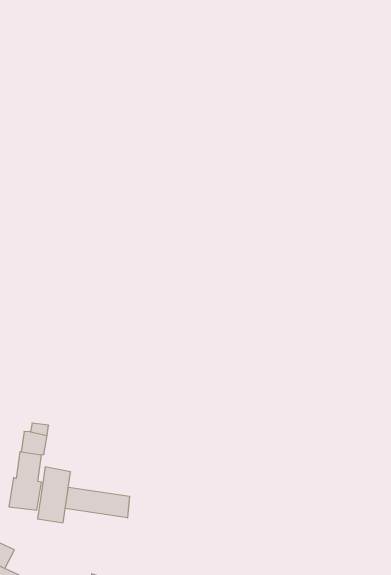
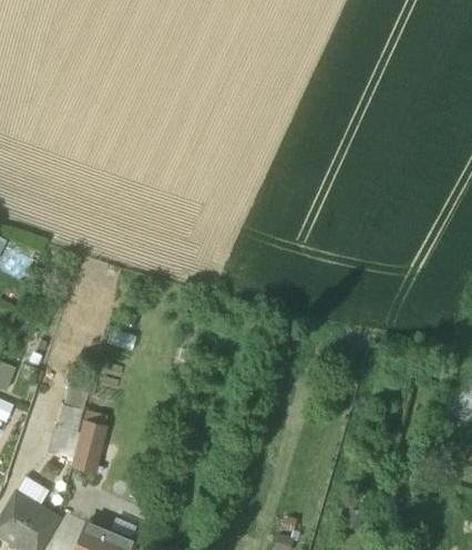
building: [65,487,129,518] -> none

